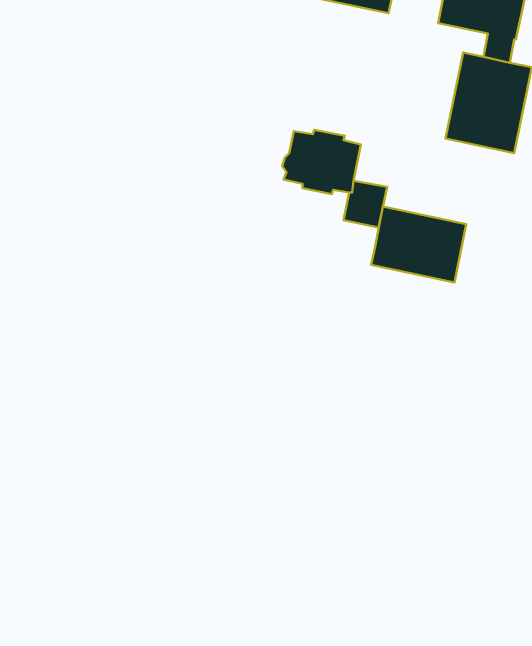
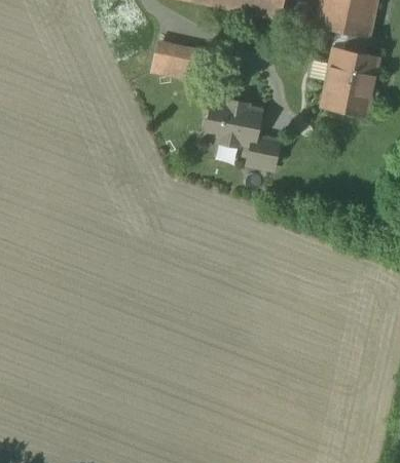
building: none -> [152,49,199,79]
building: [371,207,466,282] -> none

